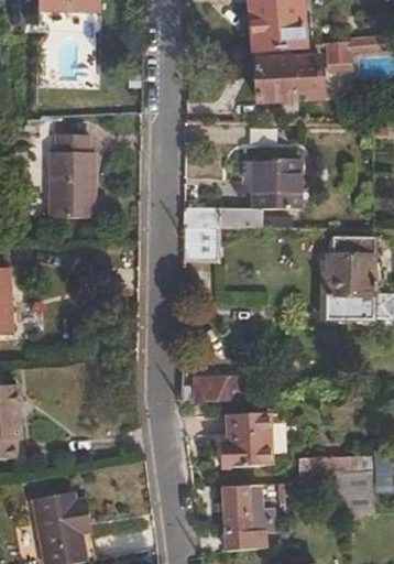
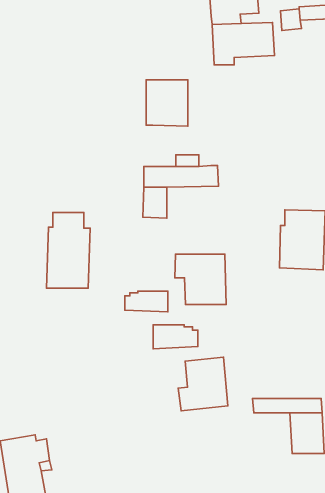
building: [50,137,96,217] -> [47,213,90,288]
building: [255,158,299,207] -> [146,80,188,126]
building: none -> [175,254,226,305]
building: none -> [125,291,168,312]
building: [222,482,272,531] -> none

